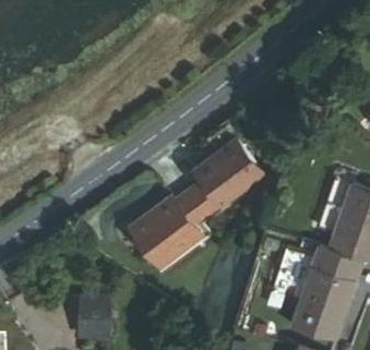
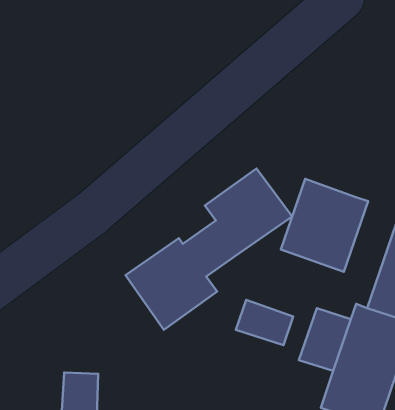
building: none -> [281,179,368,272]
building: none -> [236,300,293,345]

